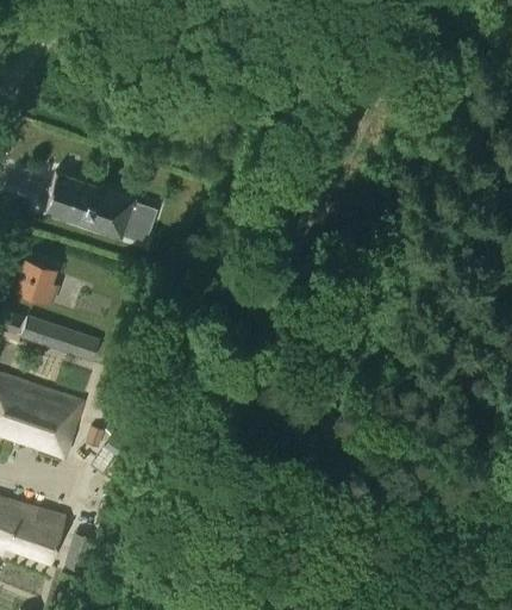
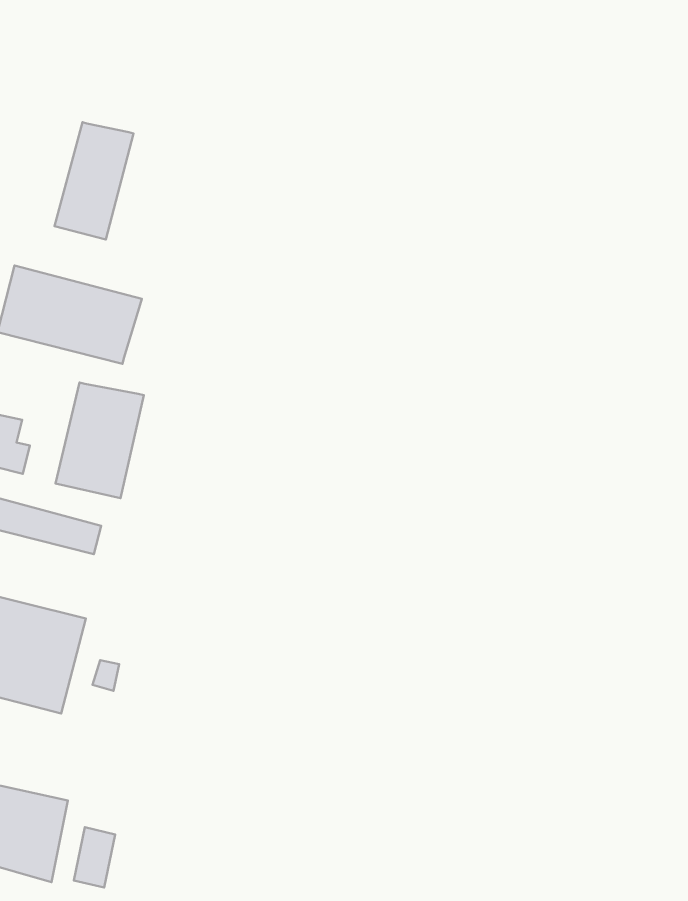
building: none -> [54,122,133,239]
building: [121,201,157,243] -> none
building: none -> [55,383,144,498]

